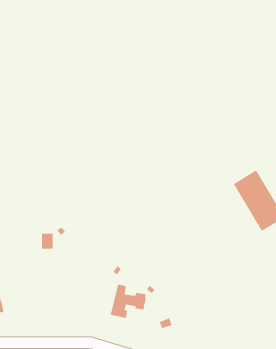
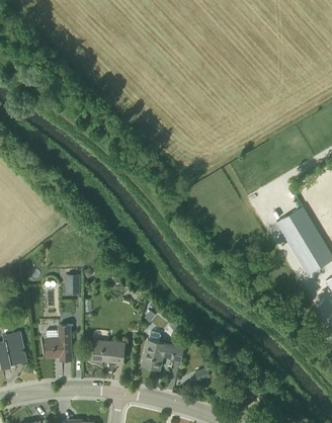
building: none -> [46,325,72,359]
building: none -> [93,339,125,362]

